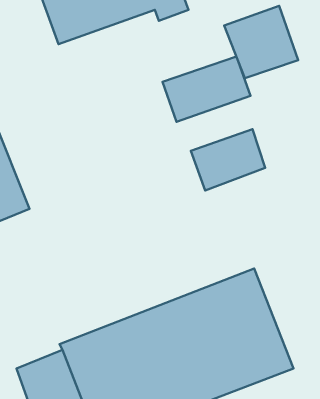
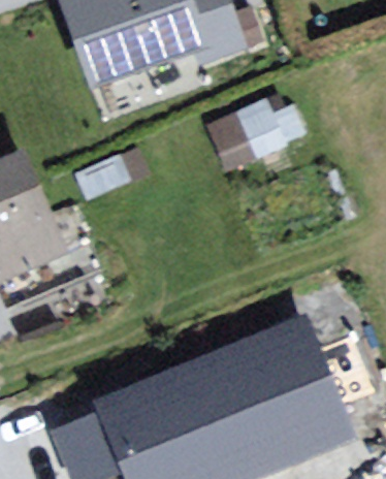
building: [224,6,298,78] -> none
building: [191,129,265,191] -> none

